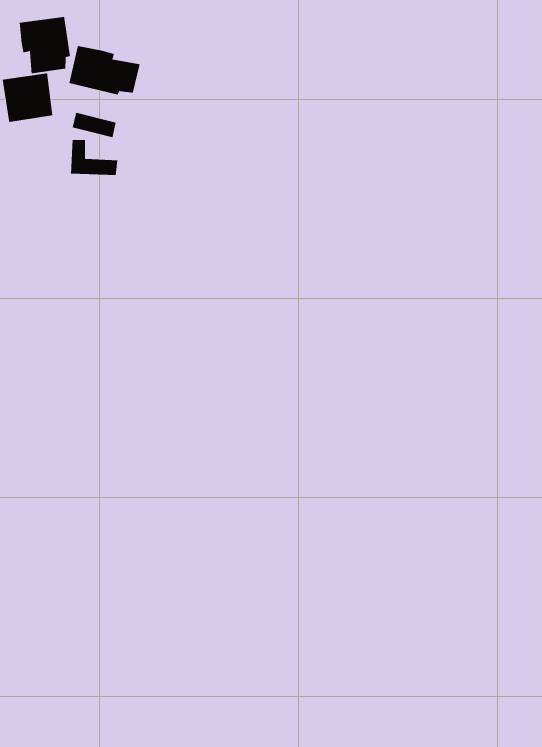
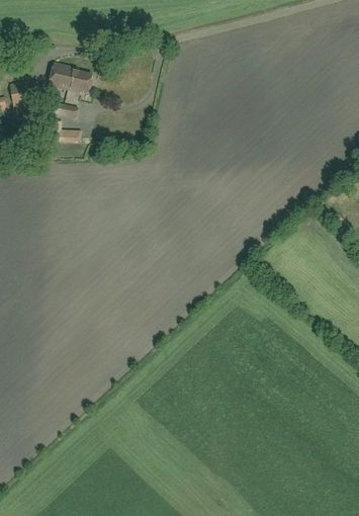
building: [19,16,70,74] -> none

